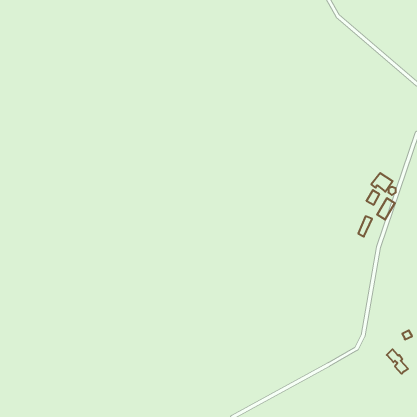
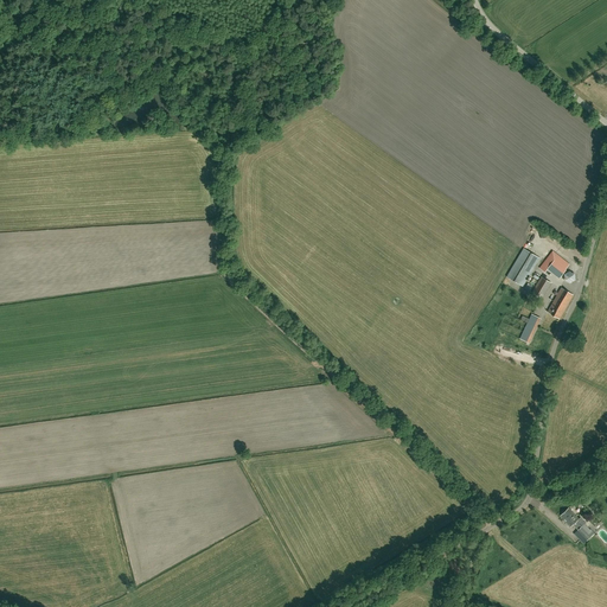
building: none -> [506,248,539,286]

